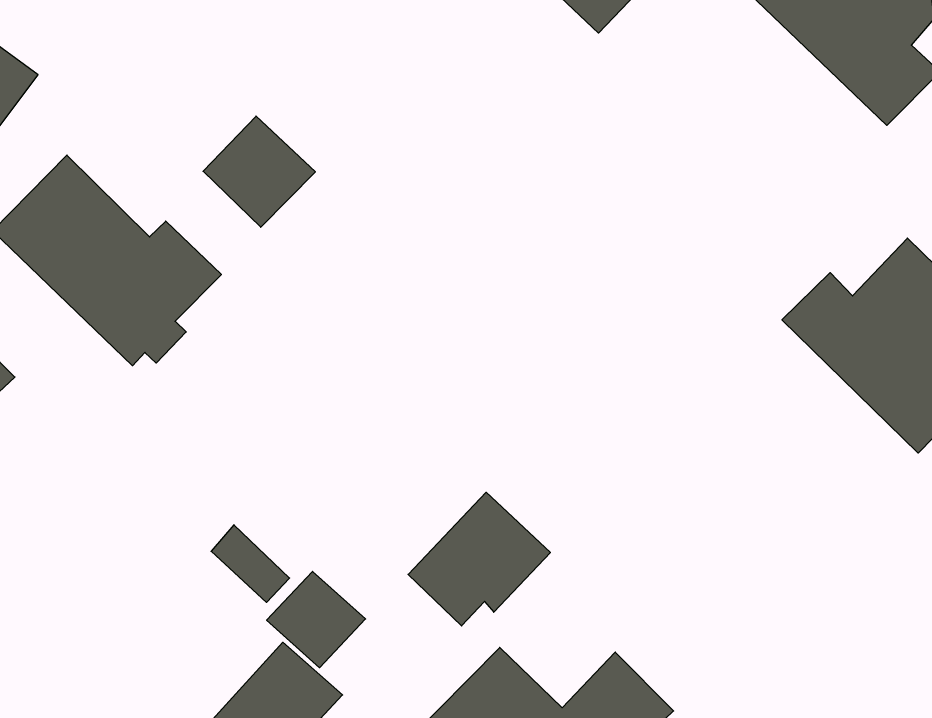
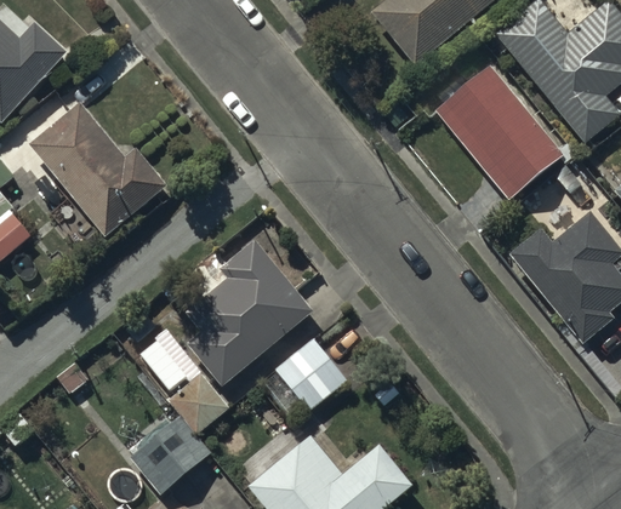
building: none -> [434,65,562,201]
building: [203,116,315,227] -> none
building: none -> [187,240,313,388]

